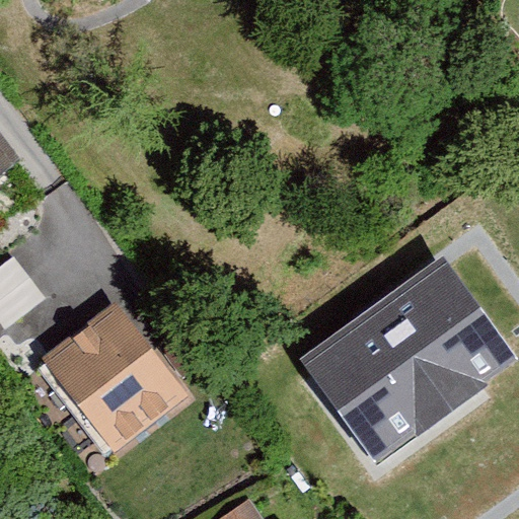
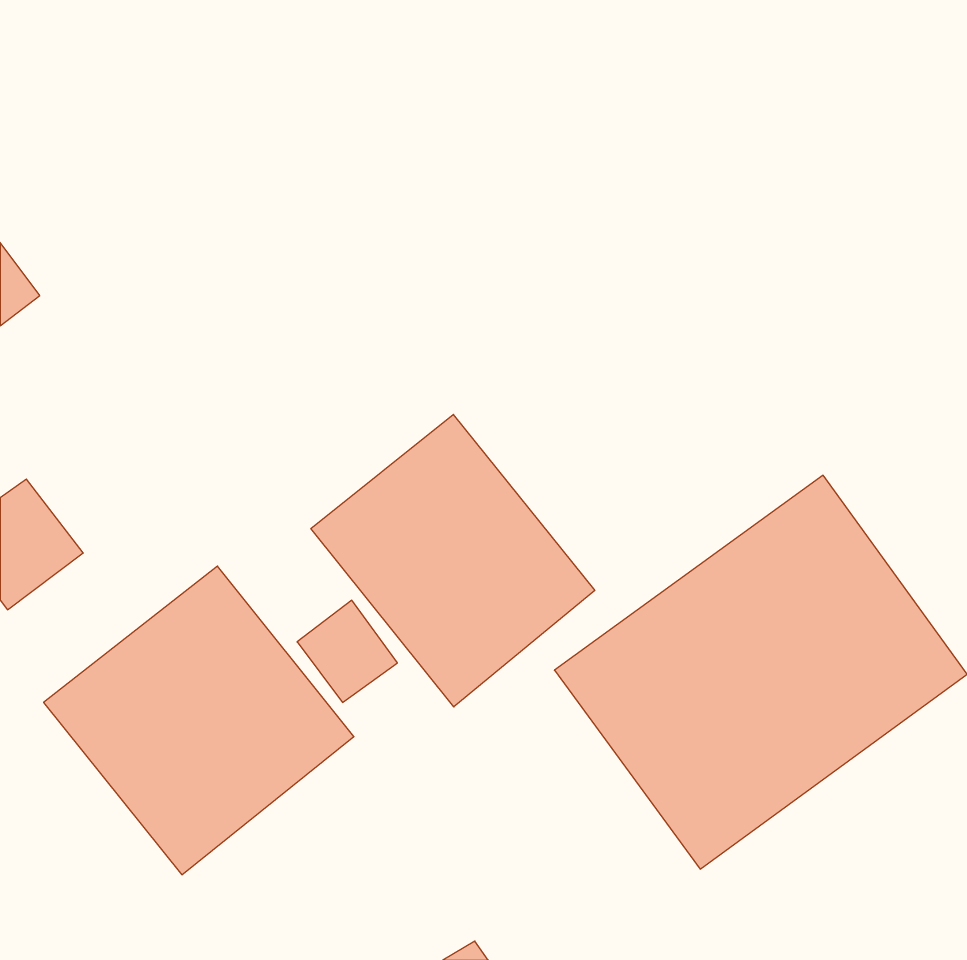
building: none -> [311,414,595,707]

